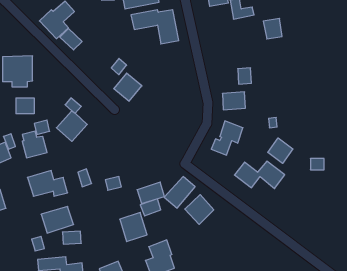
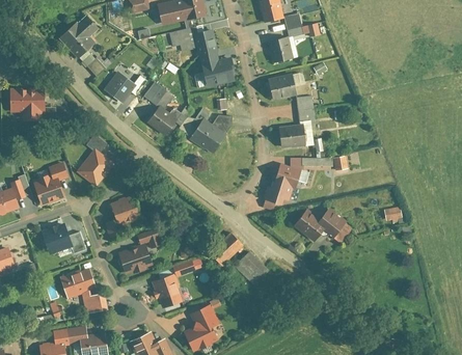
building: [263,18,282,39] -> [269,37,292,62]
building: none -> [203,61,238,86]
building: none -> [104,71,132,100]
building: none -> [269,73,297,98]
building: none -> [191,119,226,154]
building: [16,98,34,114] -> none
building: [268,138,293,163] -> none
building: none -> [110,195,141,225]
building: [137,182,165,203] -> [119,247,153,273]

